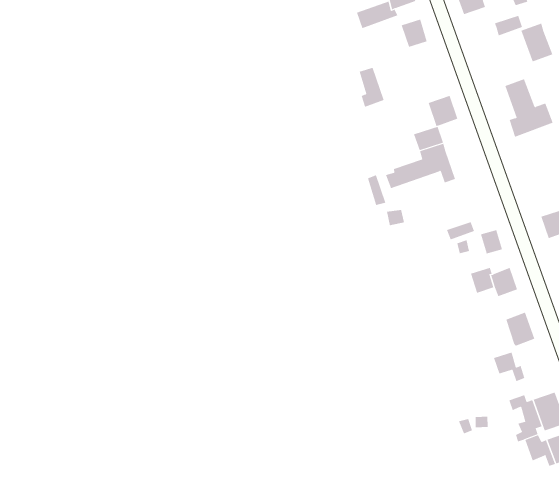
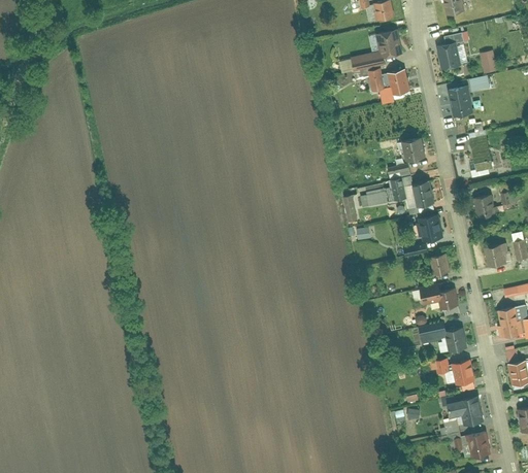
building: [521,23,553,62] -> [449,86,473,117]
building: [359,67,385,108] -> [368,69,388,102]
building: none -> [412,179,435,208]
building: none -> [474,194,496,219]
building: none -> [419,215,442,241]
building: none -> [418,323,449,354]
building: none -> [451,359,475,385]

